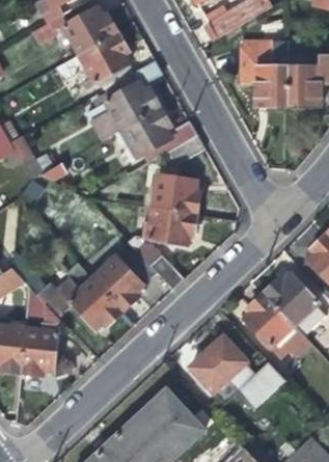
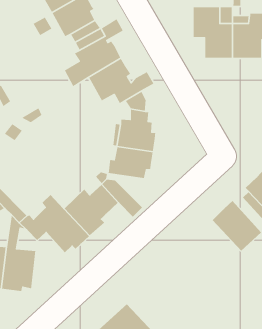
building: [244,293,304,358] -> none
building: [189,326,285,410] -> none

